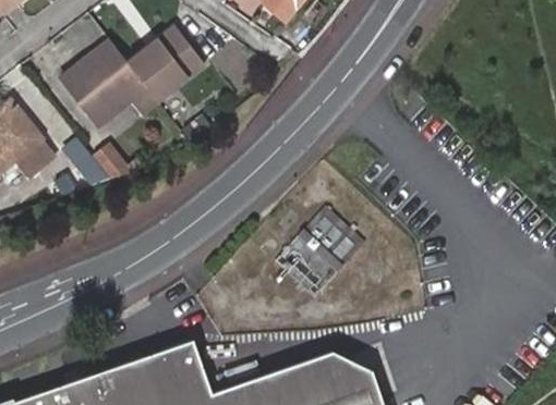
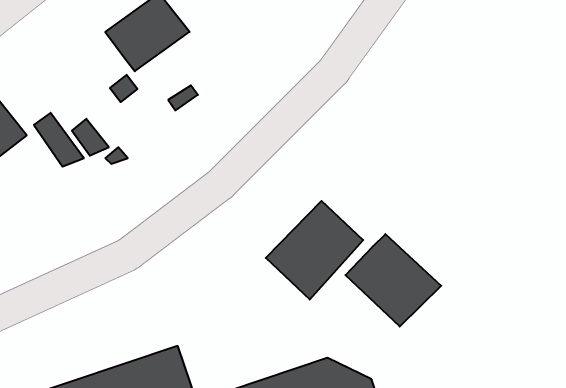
building: [59,37,144,122] -> none
building: none -> [345,234,441,327]

